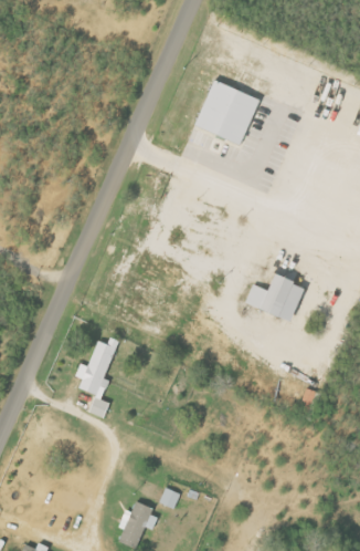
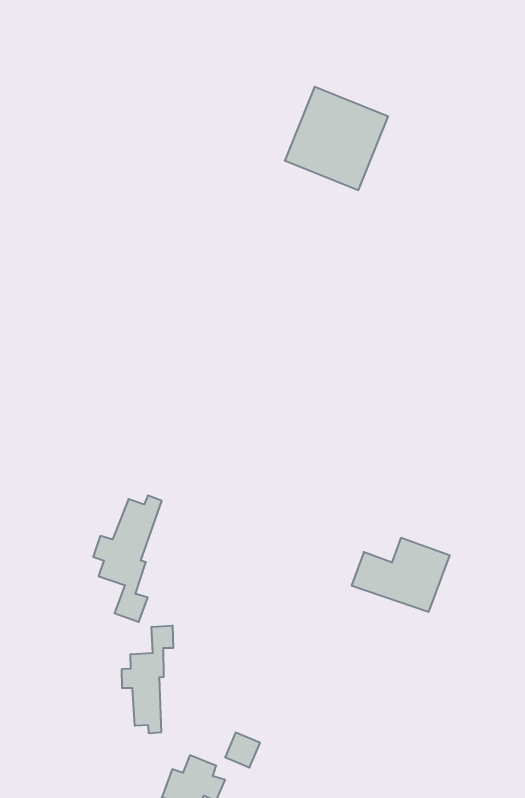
building: [244,274,306,321] -> [352,538,450,612]
building: none -> [122,625,173,733]

